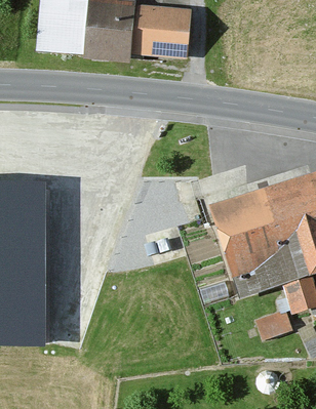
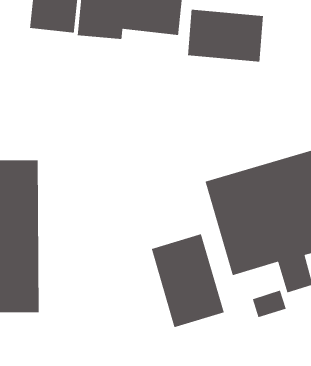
building: none -> [187,9,264,62]
building: none -> [151,233,225,328]

